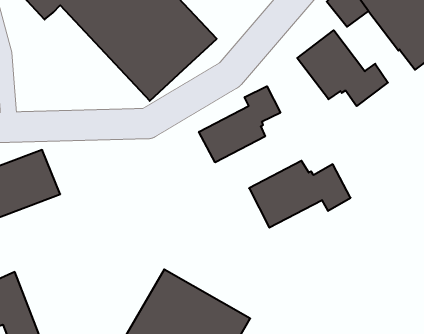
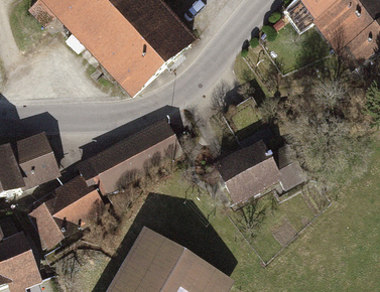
building: [297,30,388,106] -> none
building: [199,86,280,162] -> none
building: none -> [31,121,180,241]

